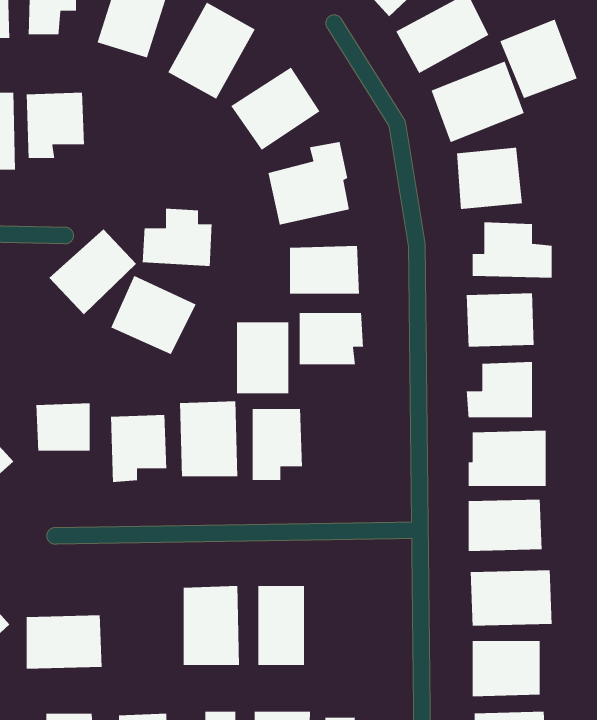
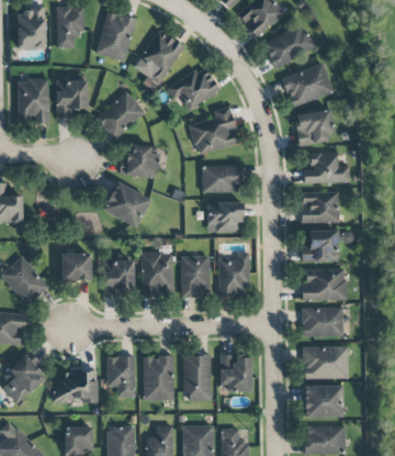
building: [499,19,578,99] -> none
building: [49,229,137,315] -> [95,91,145,140]
building: [236,321,289,394] -> [218,255,248,296]
building: none -> [219,354,251,391]
building: none -> [106,356,135,397]

